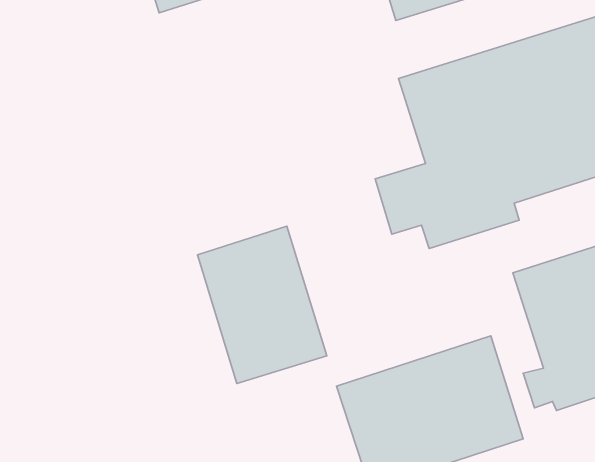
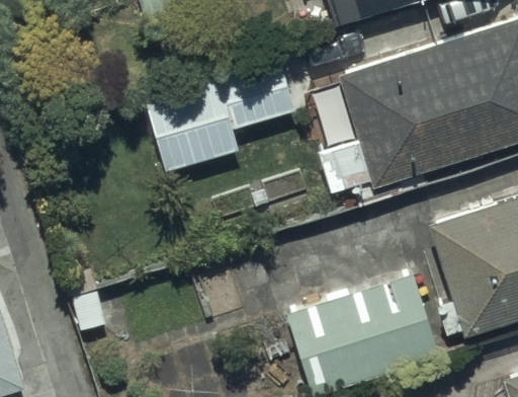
building: none -> [143,57,293,172]
building: [198,226,327,383] -> none

